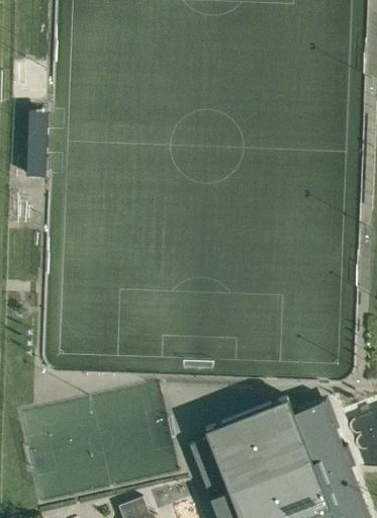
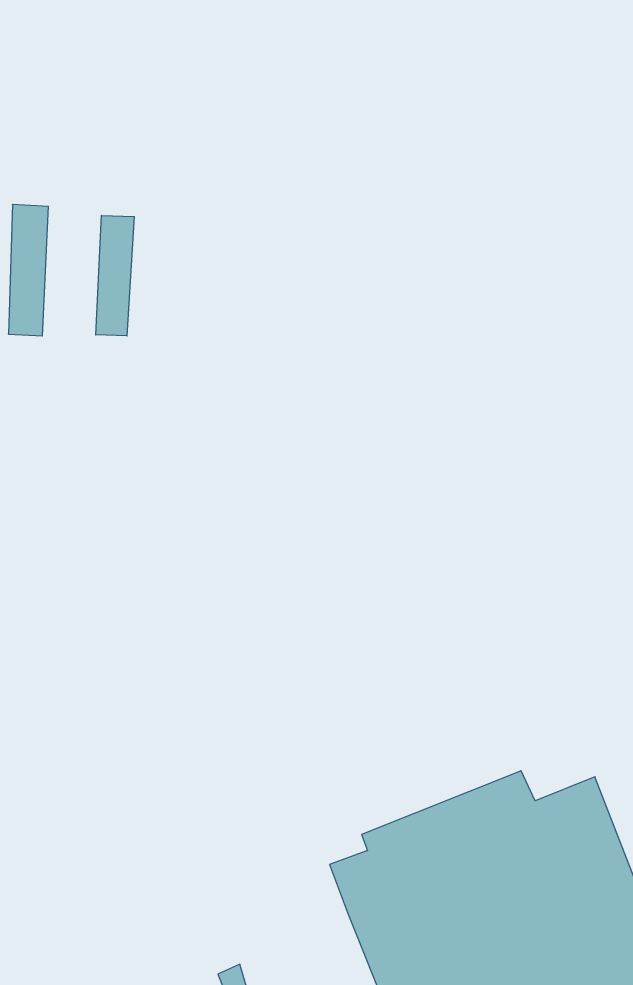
building: none -> [96,215,134,336]

